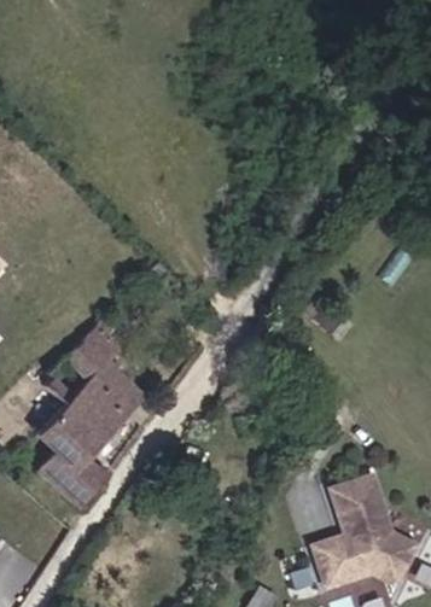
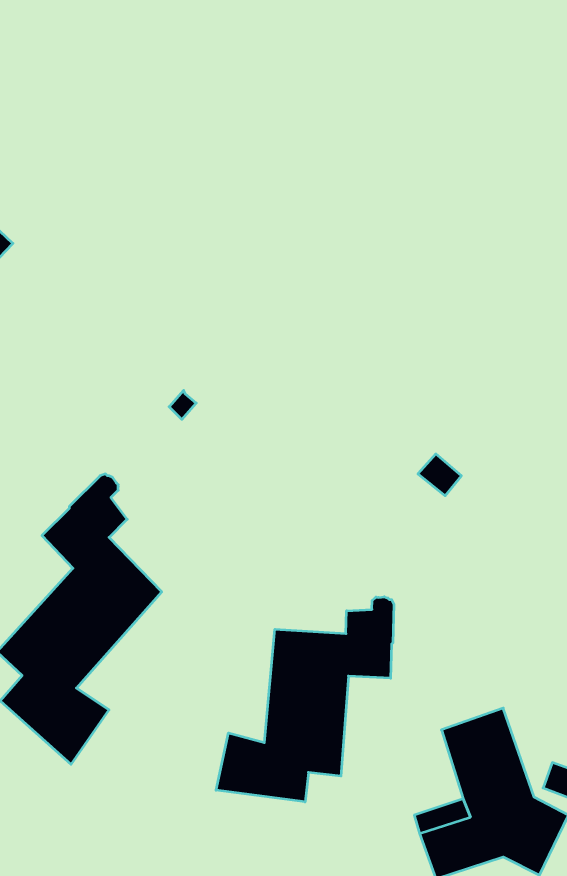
building: none -> [216,597,394,802]

